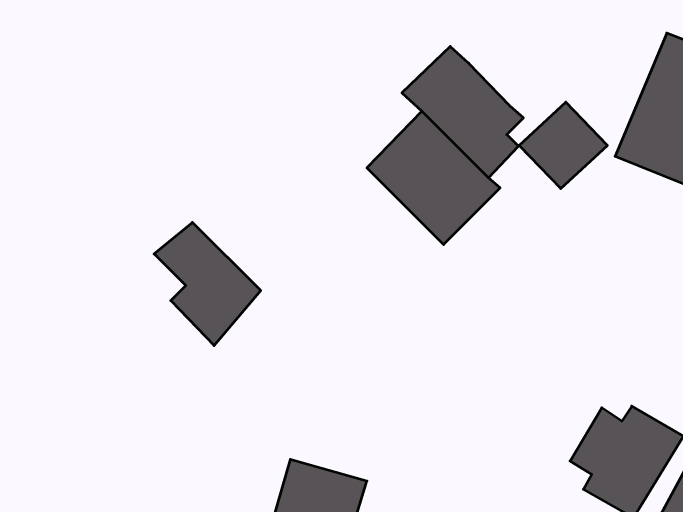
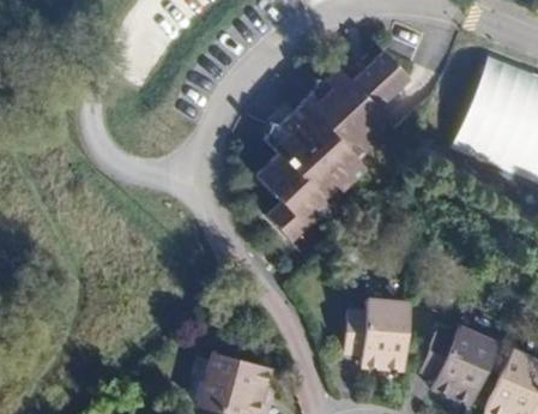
building: [519,102,607,189] -> [346,44,410,107]
building: [154,222,261,346] -> [246,151,322,240]
building: none -> [352,301,419,372]

